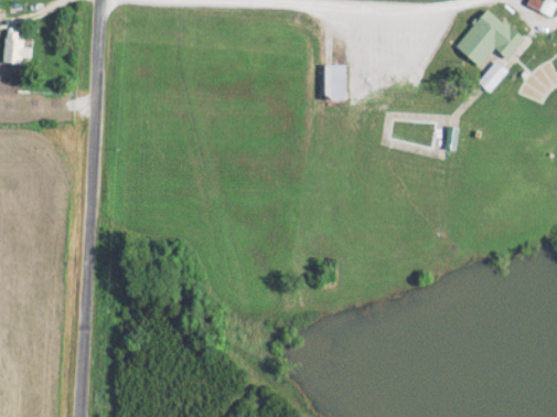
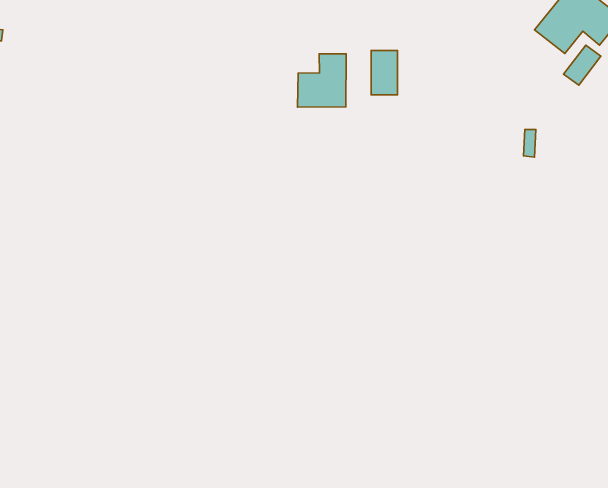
building: none -> [298,54,346,107]

